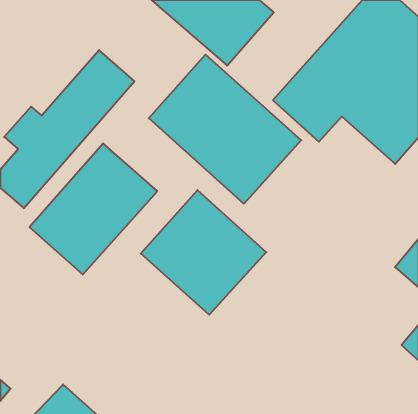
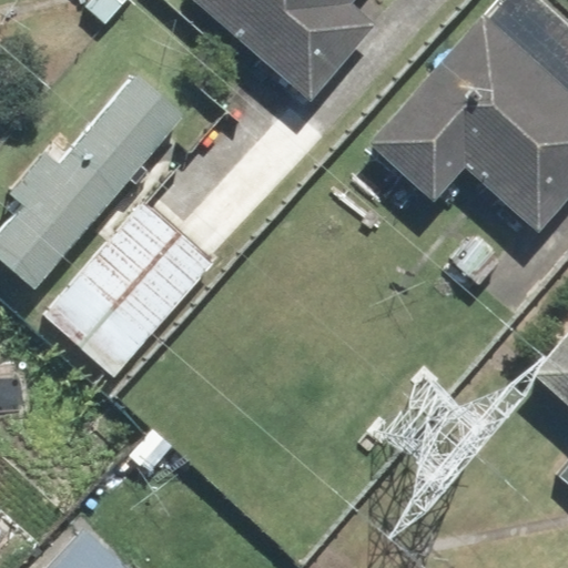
building: [149,55,301,204] -> none
building: [141,190,266,315] -> none

